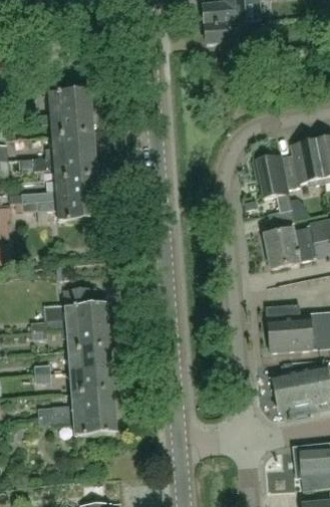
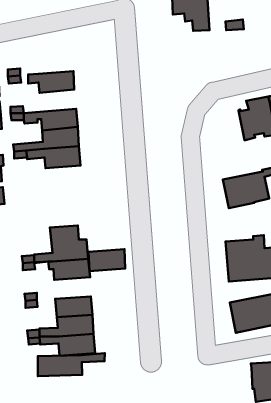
building: [49,87,91,112] -> none
building: [47,131,94,157] -> none
building: [253,155,296,227] -> none
building: [69,346,111,371] -> [89,249,125,271]
building: none -> [38,353,105,376]

